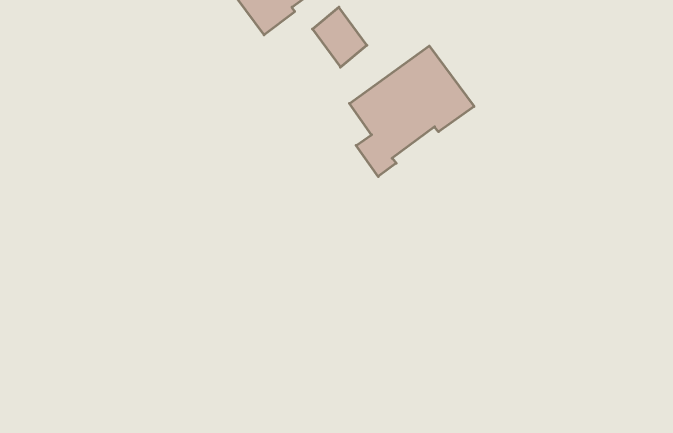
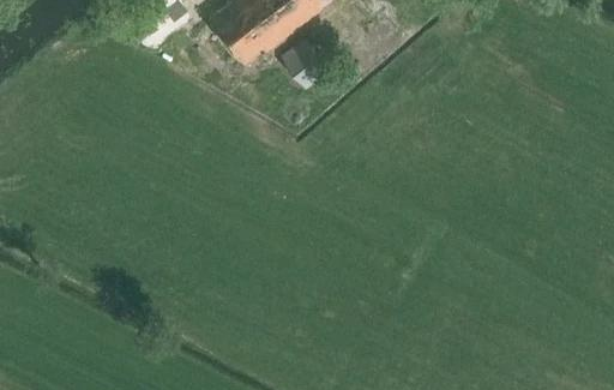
building: [349,46,474,177] -> none

